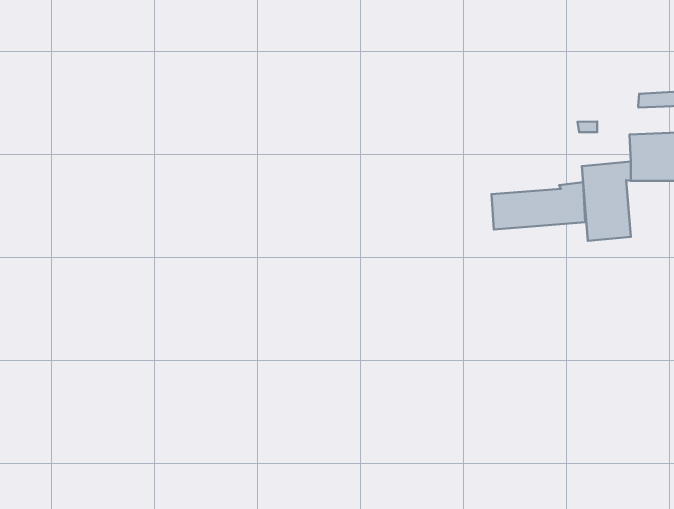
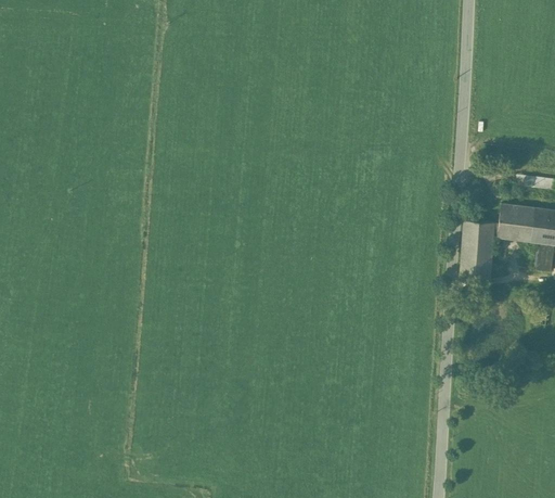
building: [492,182,585,230] -> none

